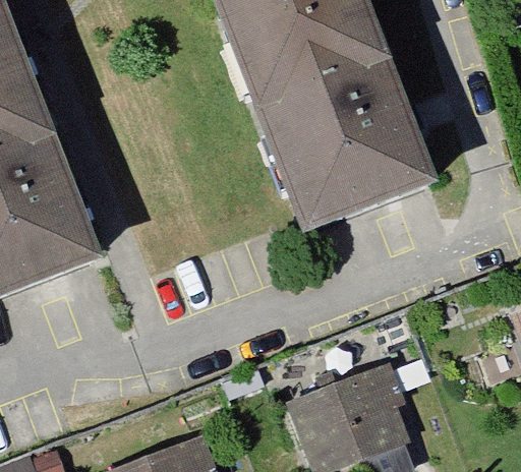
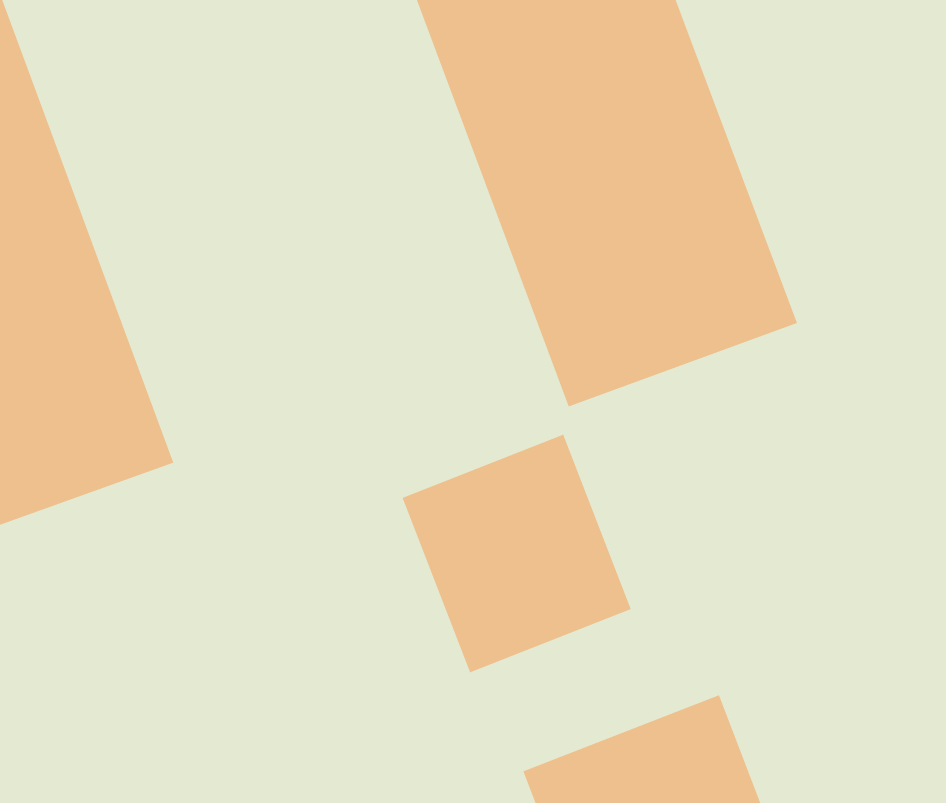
building: none -> [402,434,632,673]

